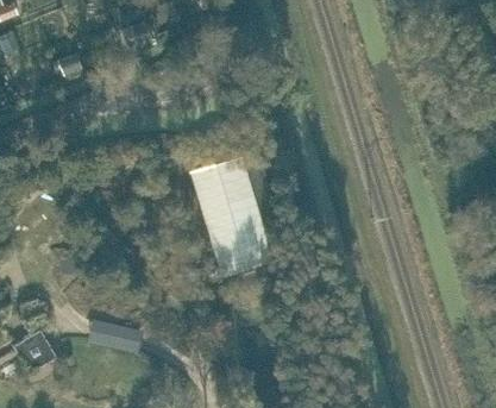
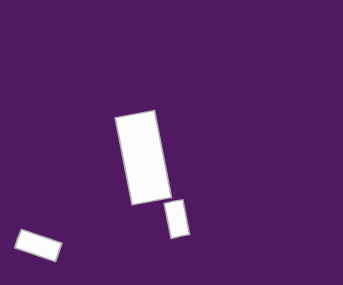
building: none -> [164,200,189,238]

